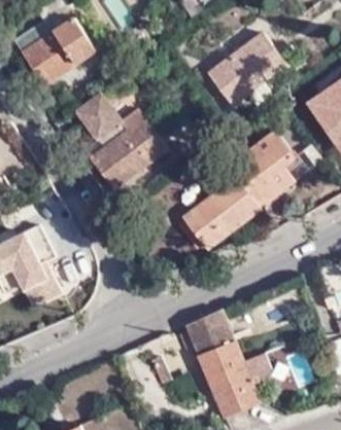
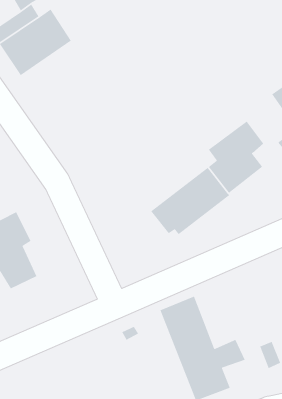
building: [208,32,285,103] -> none
building: [73,89,120,137] -> none
building: [91,117,167,187] -> none

